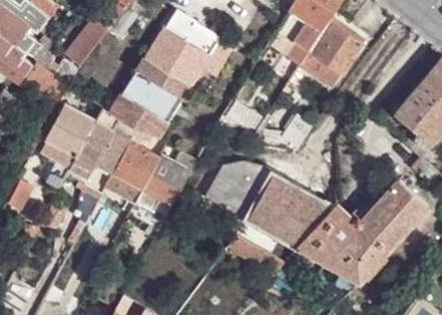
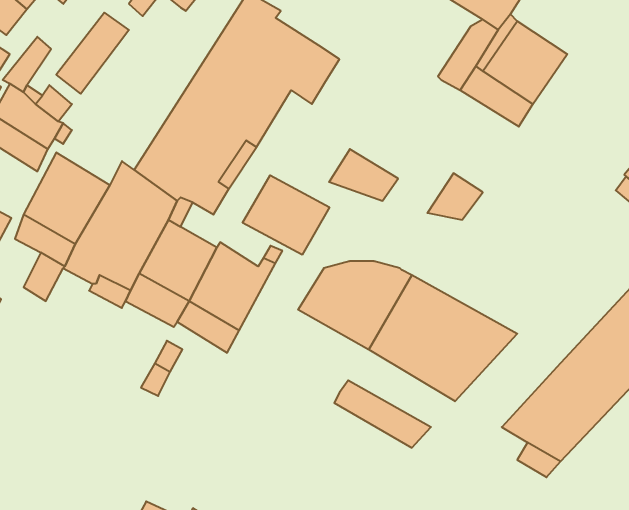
building: none -> [243,175,329,255]
building: [297,203,358,261] -> none

